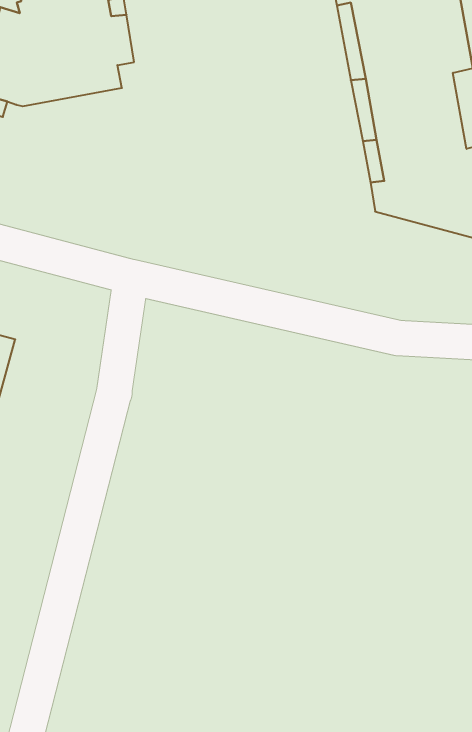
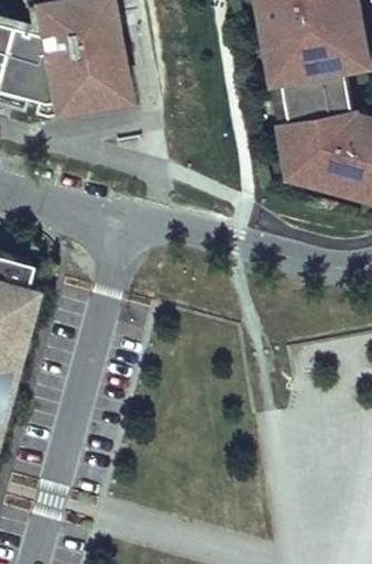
building: none -> [34,66,128,111]

